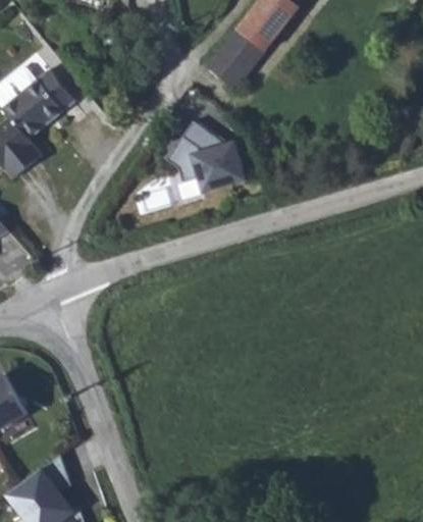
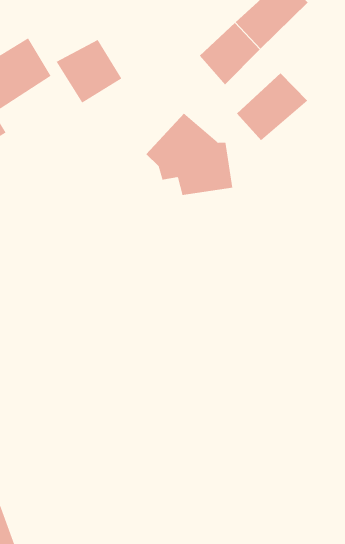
building: none -> [56,39,122,103]
building: none -> [236,73,308,141]

